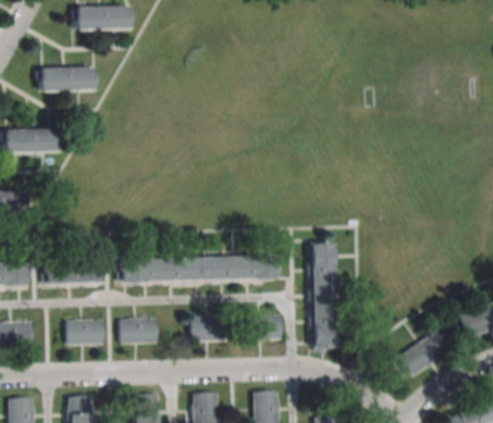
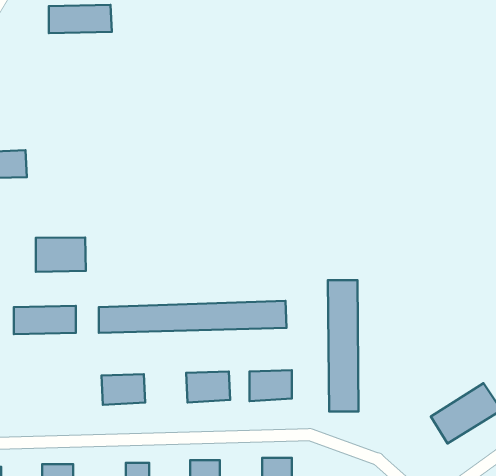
building: [38,69,91,92] -> none
building: none -> [36,238,86,272]
building: [65,321,102,346] -> none

